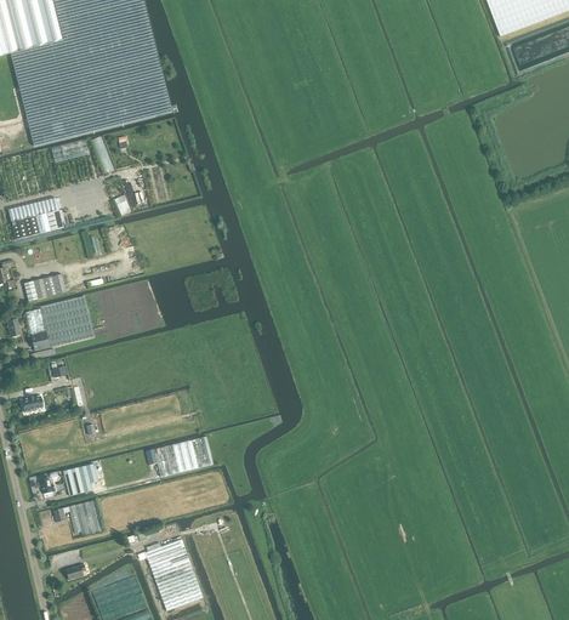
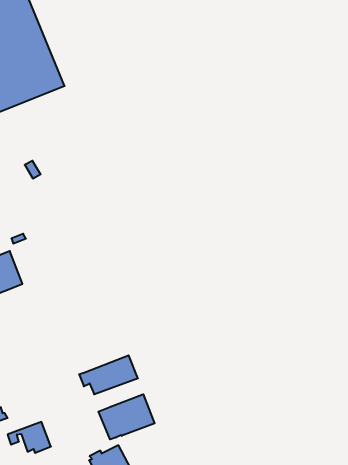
building: [62,462,96,494] -> none
building: none -> [98,394,155,439]

